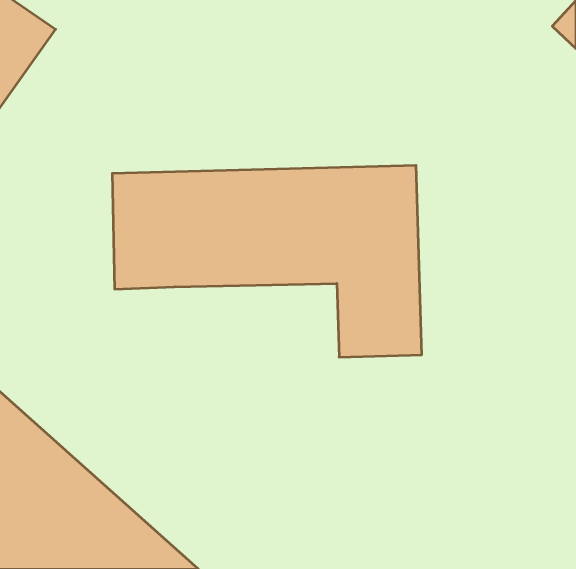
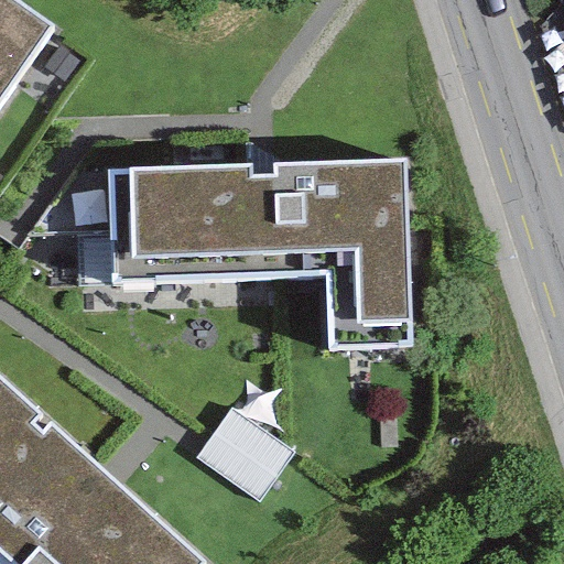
building: none -> [197,403,295,497]

